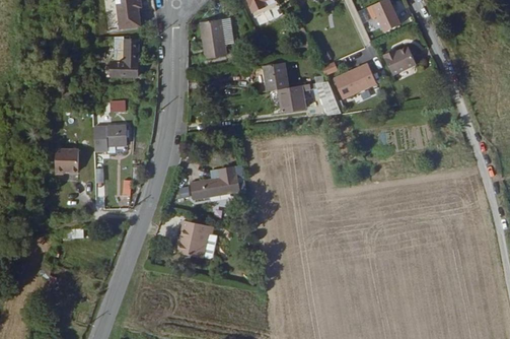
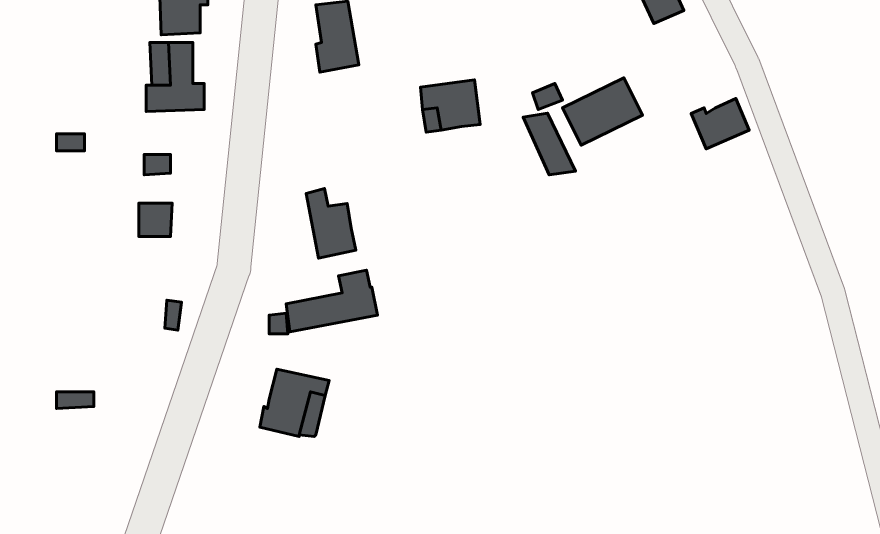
building: [387,46,419,73] -> [691,98,749,149]
building: [282,83,311,113] -> none
building: none -> [306,188,356,258]
building: [55,152,77,180] -> none

